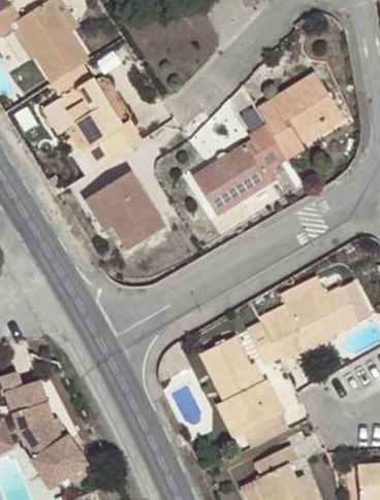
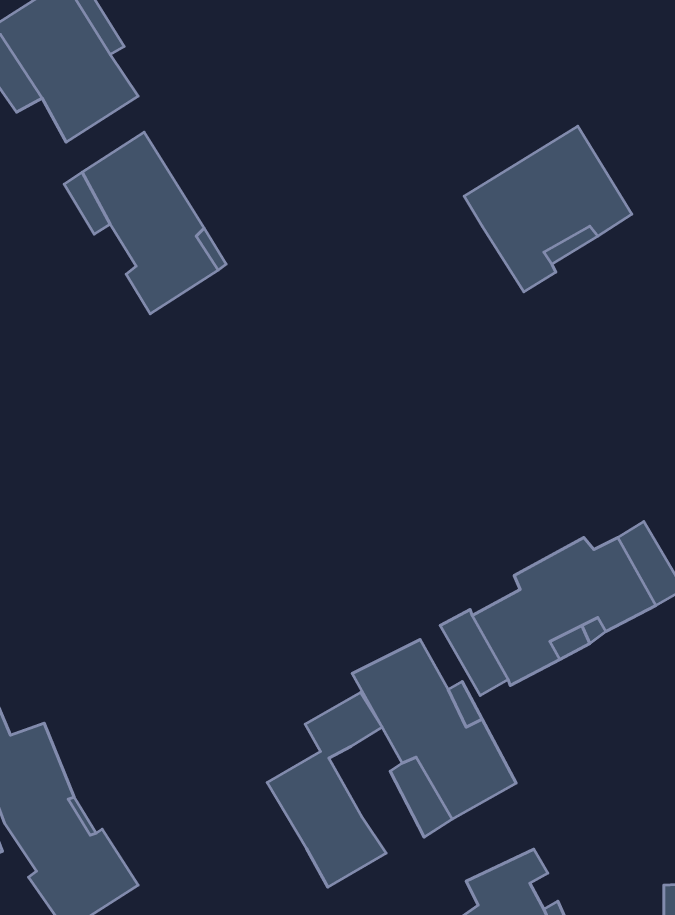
building: [195,124,288,212] -> none
building: [84,170,165,249] -> none
building: none -> [267,692,386,887]

